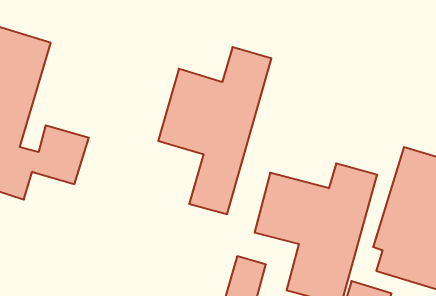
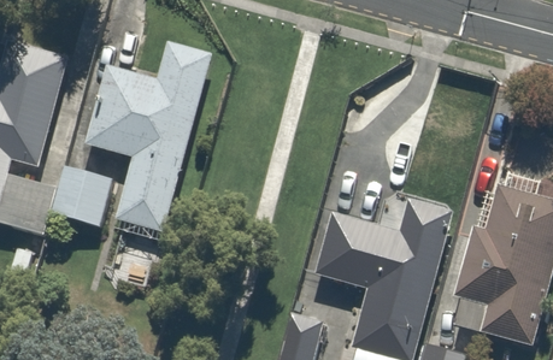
building: [158,47,271,214] -> [82,37,214,232]

